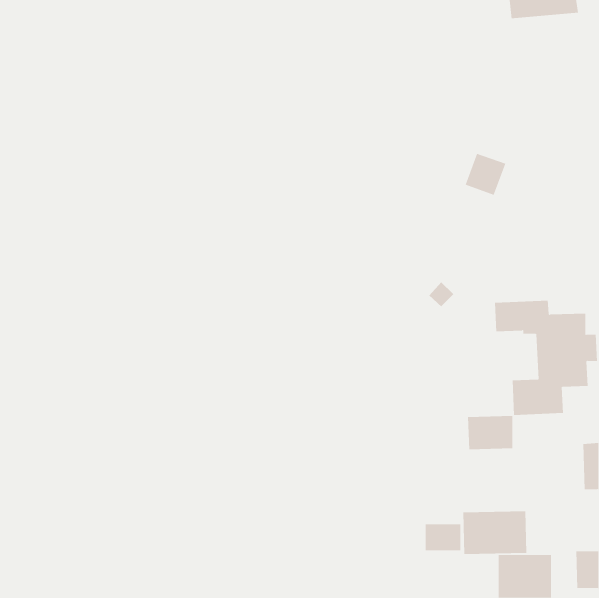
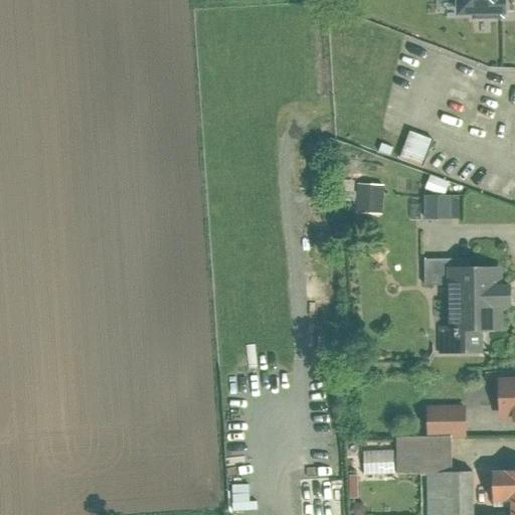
building: none -> [355,183,383,212]
building: none -> [423,194,461,218]
building: [467,416,513,450] -> [425,406,465,436]

